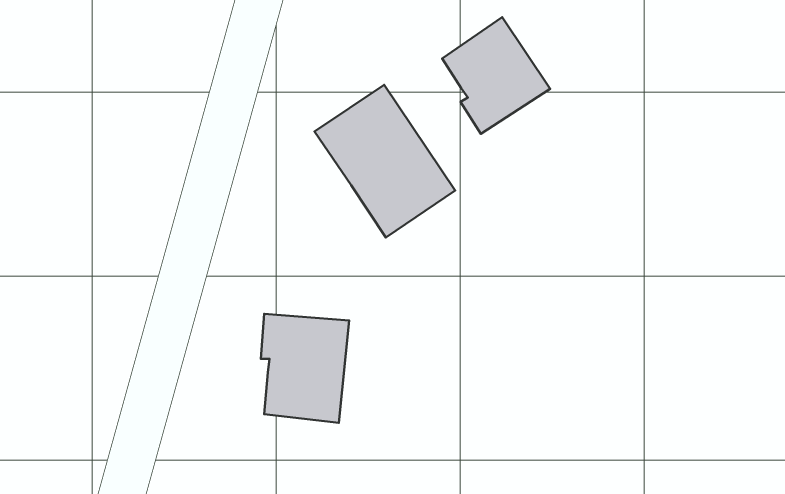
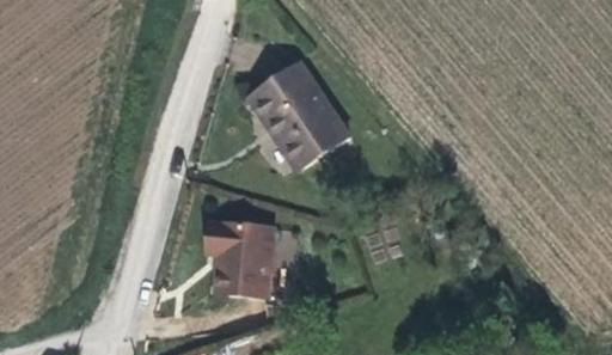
building: [442,17,550,134] -> none

